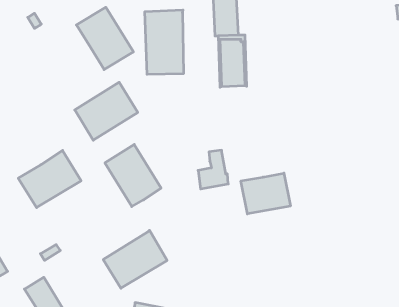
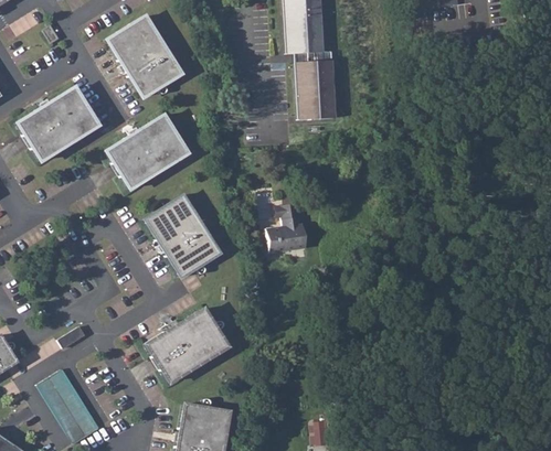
building: [145,10,183,74] -> none
building: [18,150,81,208] -> [17,86,99,161]
building: [241,173,290,214] -> none

